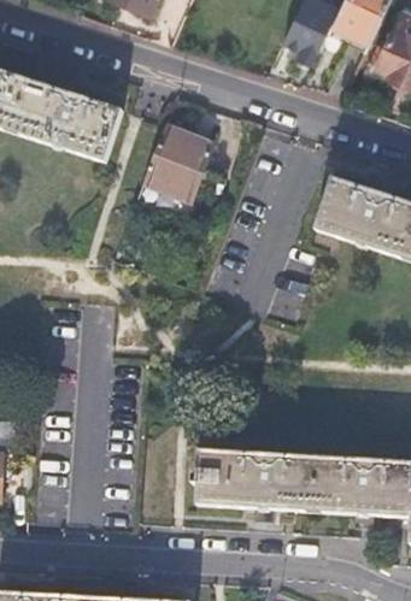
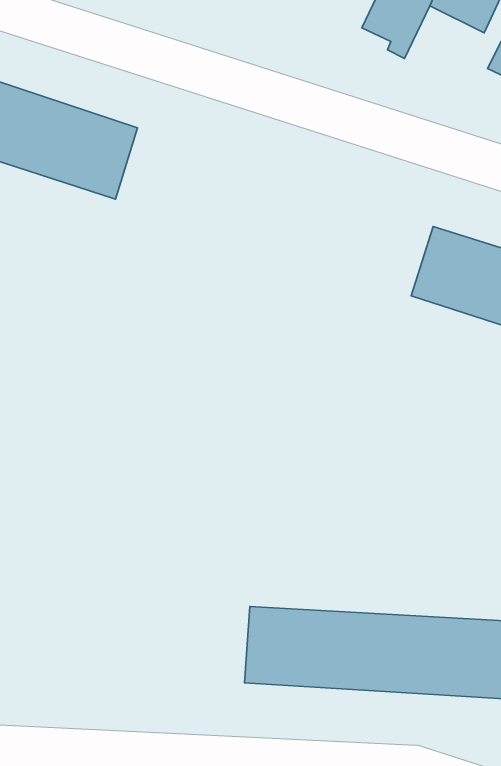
building: [145,126,216,201] -> none

